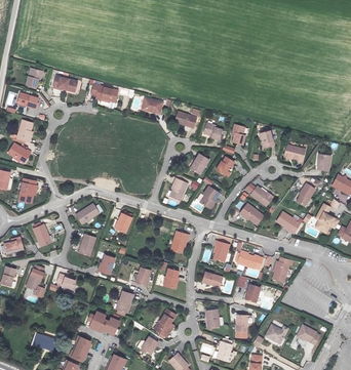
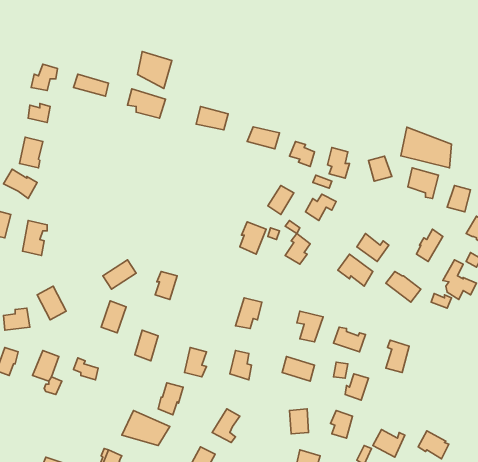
building: none -> [138,52,172,88]
building: none -> [401,127,452,168]

